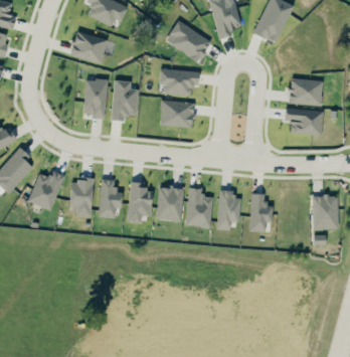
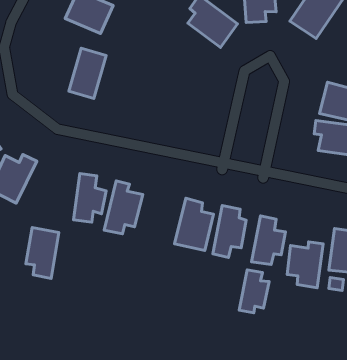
building: [159,69,199,96] -> none
building: [111,79,138,120] -> none
building: [158,99,195,129] -> none
building: [69,178,93,217] -> [26,227,59,278]
building: [156,186,183,221] -> none
building: none -> [287,242,323,288]
building: none -> [239,270,269,313]

